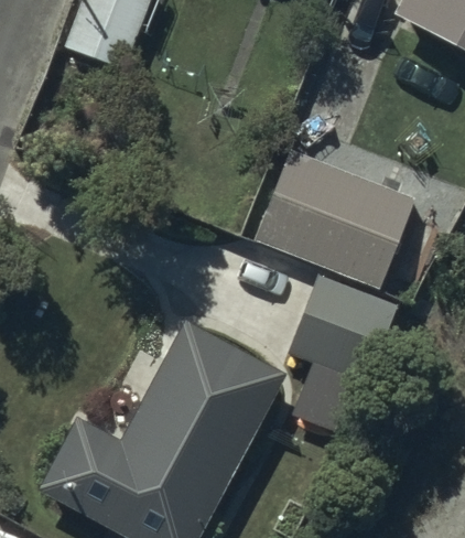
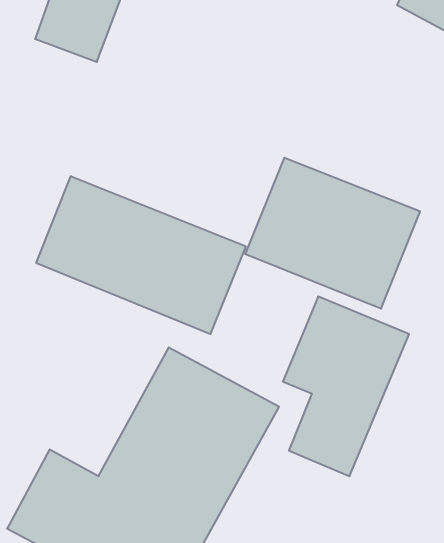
building: none -> [36,176,246,334]

